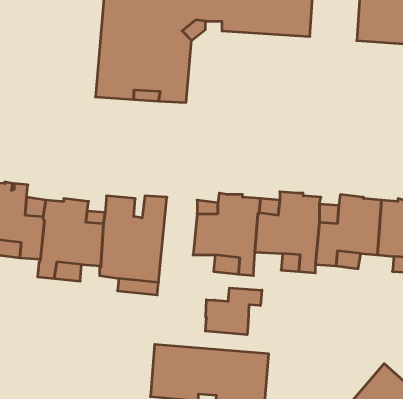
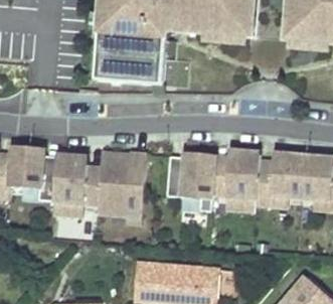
building: [205,288,262,335] -> none

